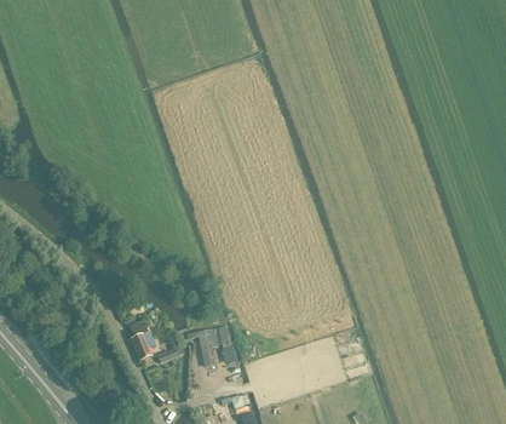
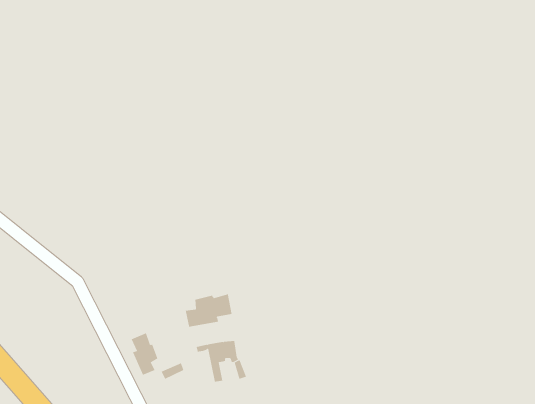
building: none -> [185,294,232,327]

